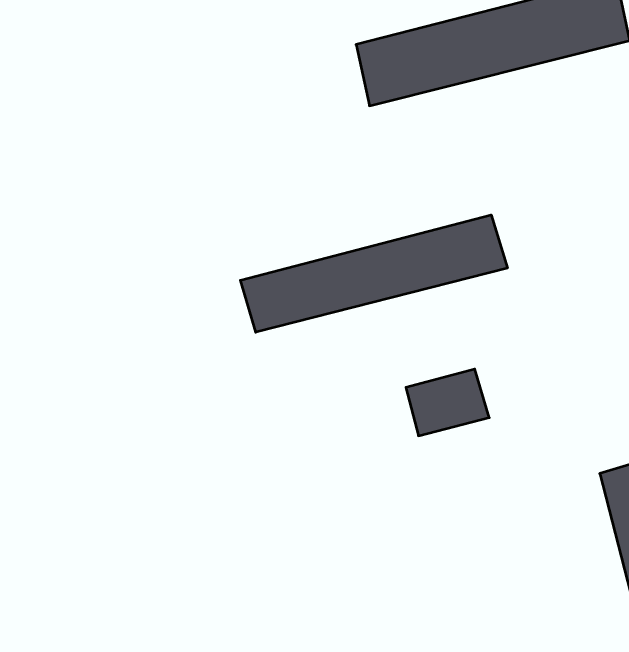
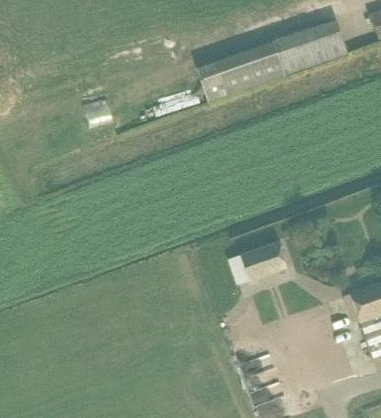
building: [240,215,507,332] -> none

